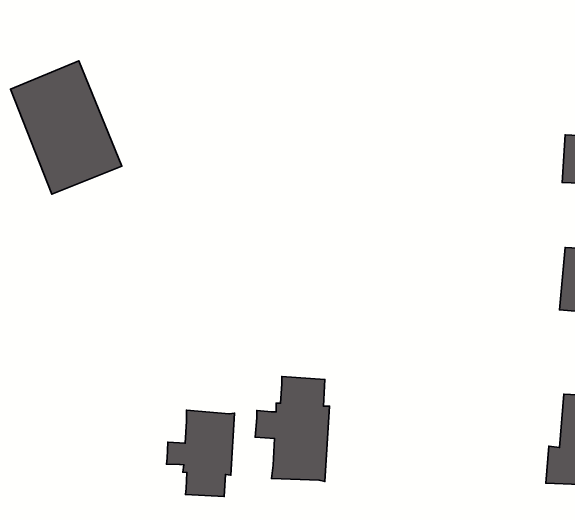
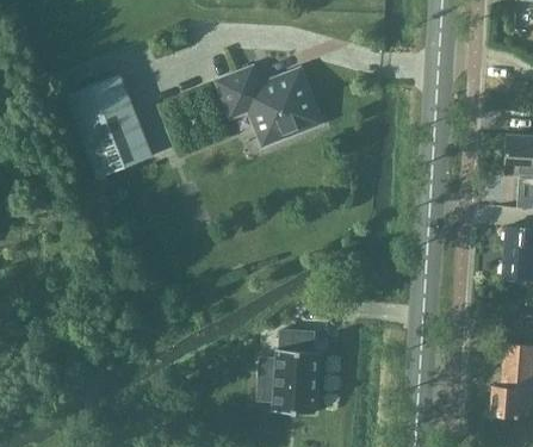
building: none -> [213,64,323,148]
building: [166,410,235,496] -> none

